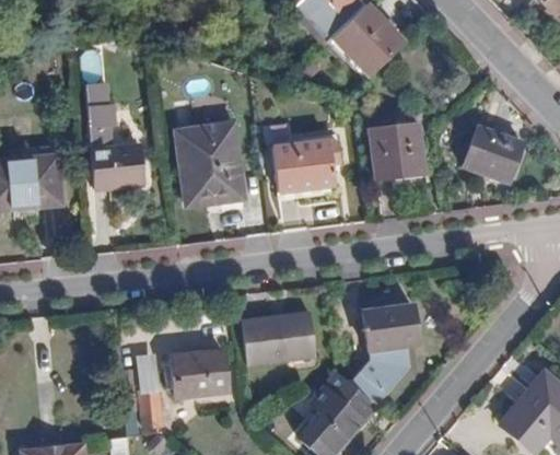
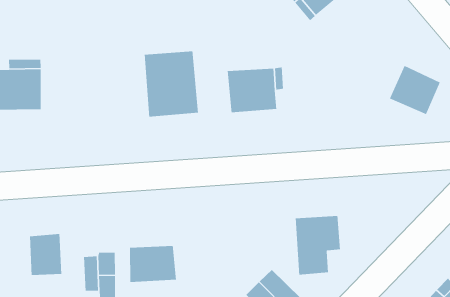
building: [85,80,143,189] -> none
building: [371,124,425,178] -> none
building: [243,312,317,365] -> none
building: none -> [29,233,62,276]

